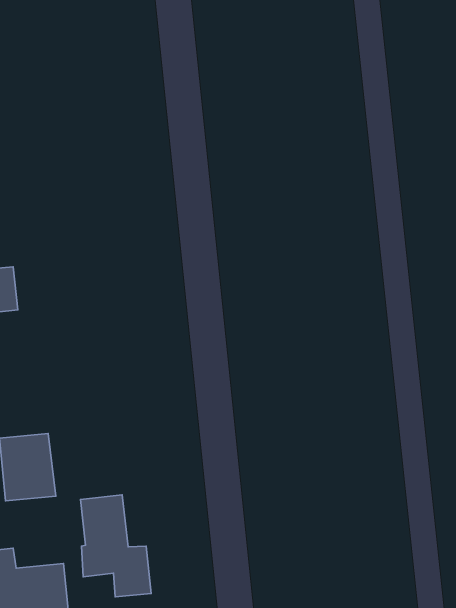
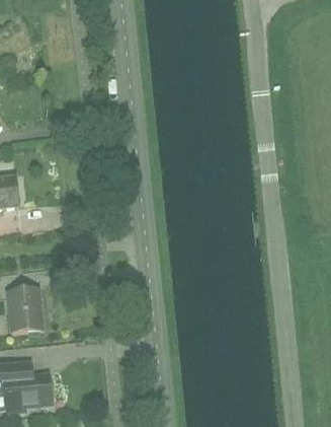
building: [81,495,151,597] -> none

